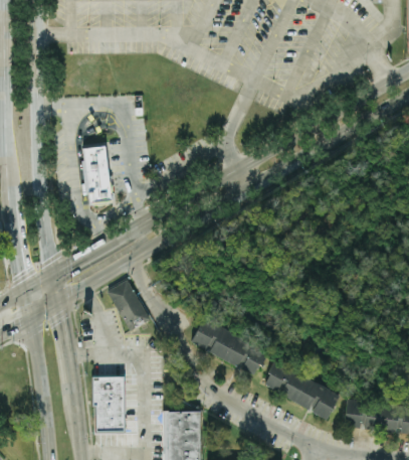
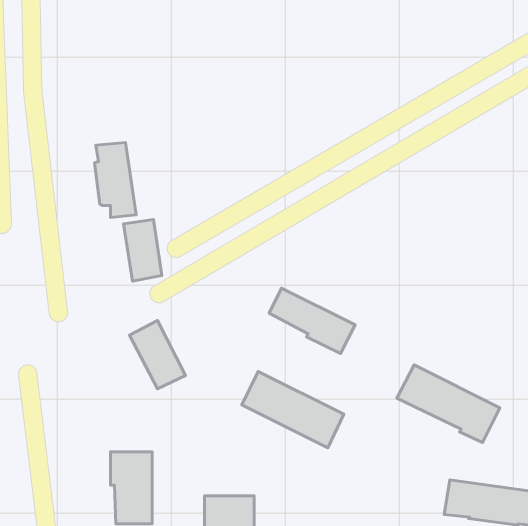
building: none -> [123,220,162,281]
building: none -> [269,288,355,354]
building: [262,360,340,419] -> [397,365,500,442]

